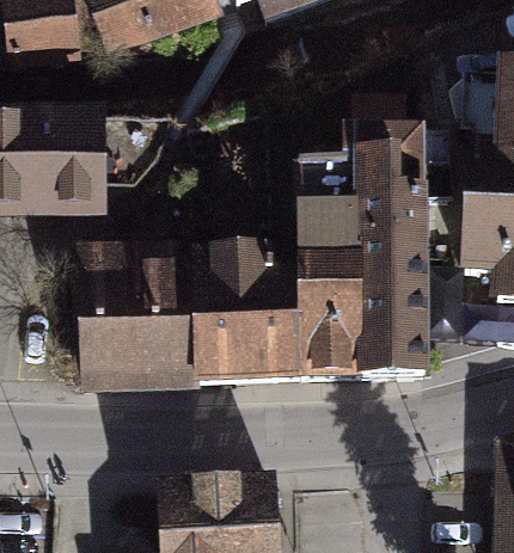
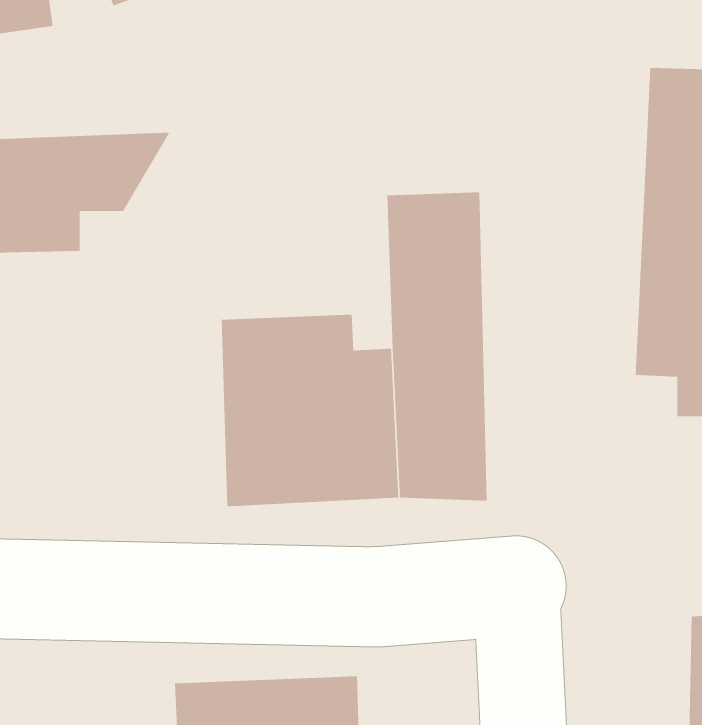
building: [361,142,432,375] -> none
building: [79,250,192,385] -> none

